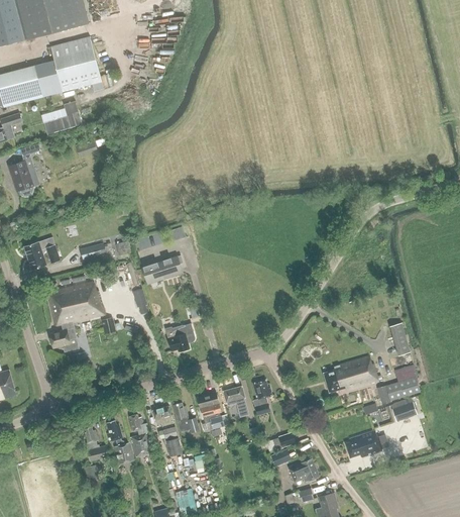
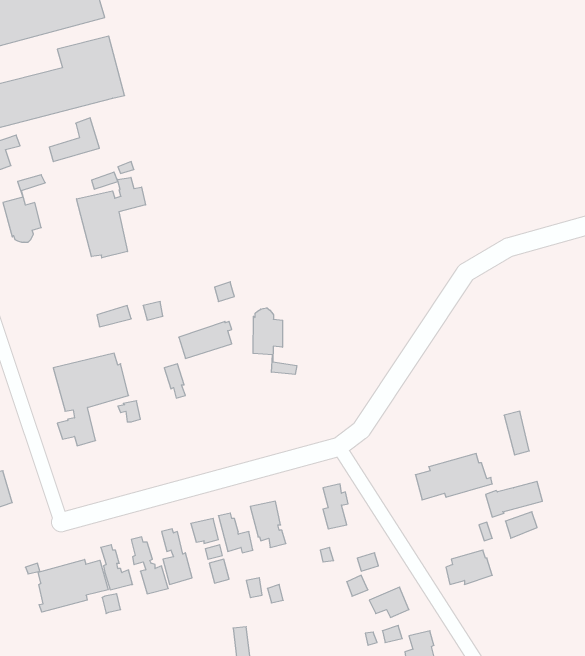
building: none -> [77,177,146,258]
building: [24,240,60,268] -> none
building: none -> [253,308,297,374]
building: [165,322,195,350] -> none
building: [223,385,249,416] -> none
building: none -> [38,559,108,612]

